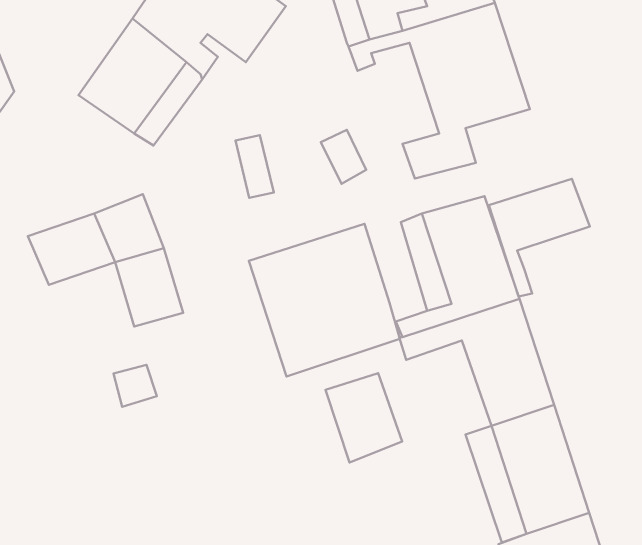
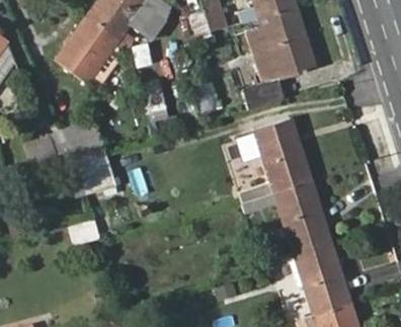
building: [489,179,590,297] -> none
building: [249,224,400,376] -> none
building: [325,373,402,463] -> none

